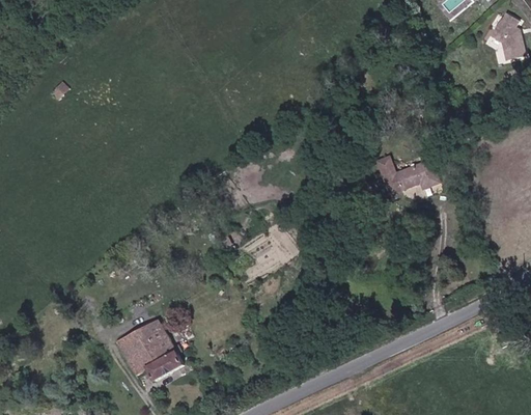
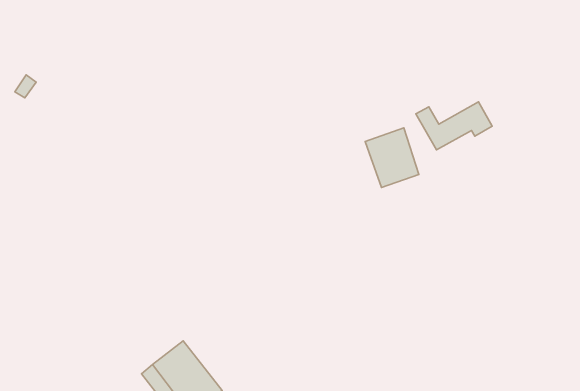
building: none -> [365,128,419,187]

